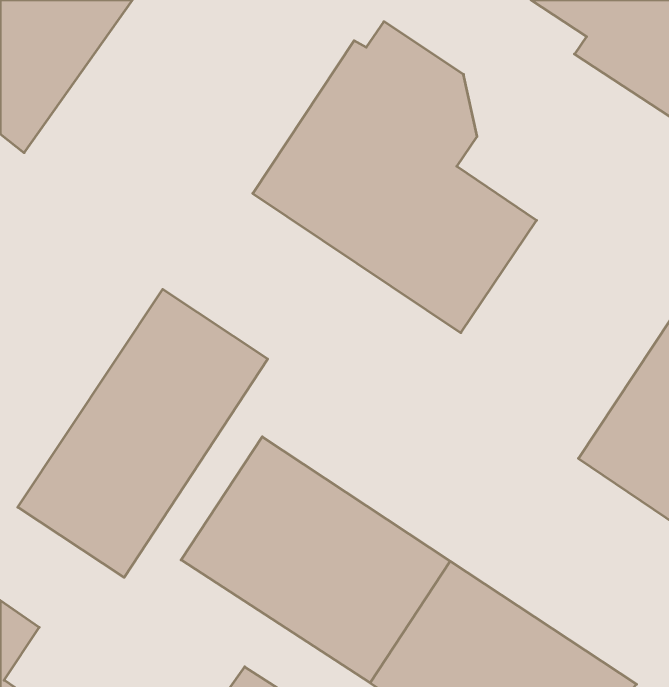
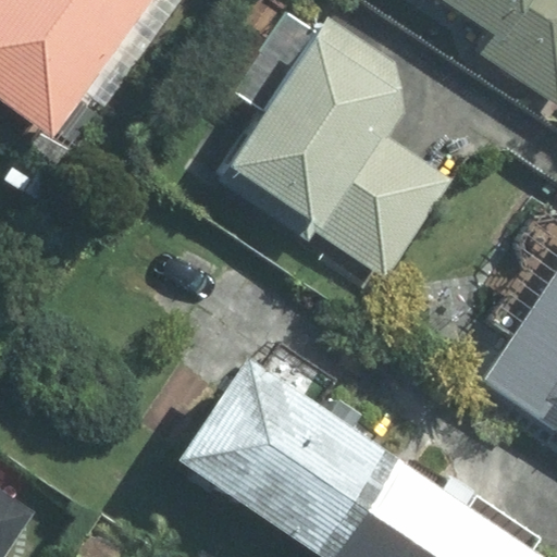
building: [18,289,268,577] -> none

